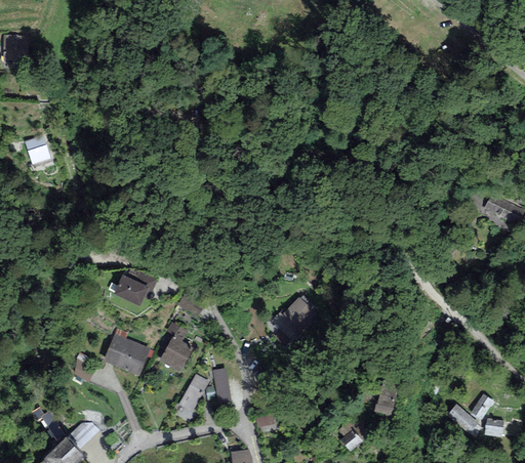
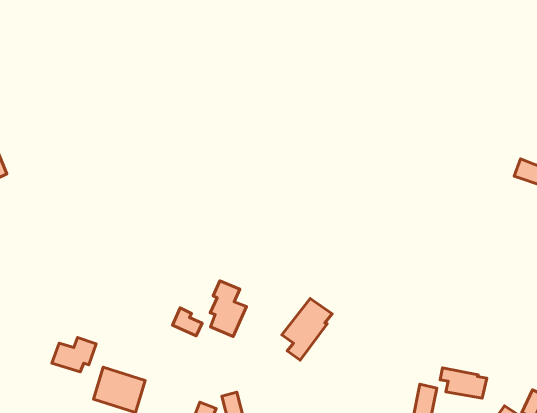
building: [116,273,156,303] -> [52,338,96,372]
building: [160,322,193,371] -> [210,281,247,336]
building: none -> [440,368,487,398]

